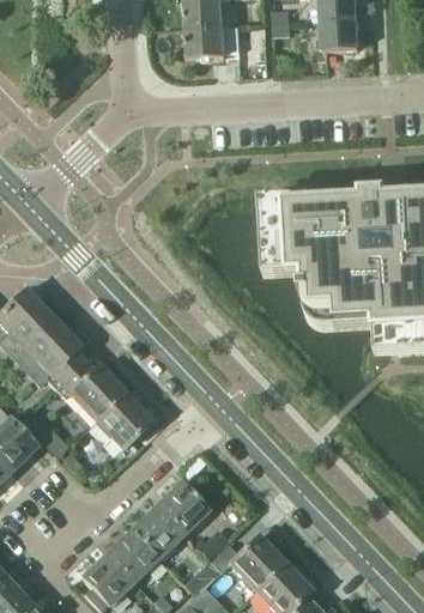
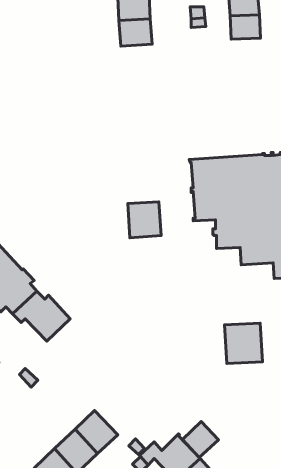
building: none -> [128,202,161,238]
building: [97,392,153,447] -> none
building: none -> [225,323,262,363]
building: [156,480,210,534] -> none
building: none -> [182,422,219,457]

